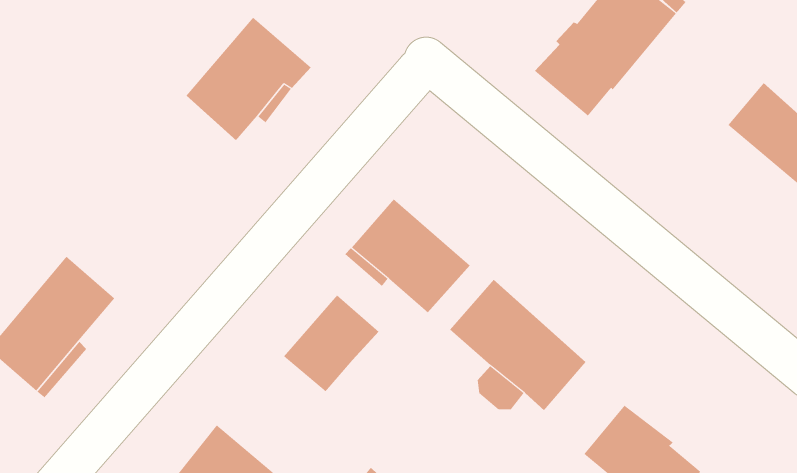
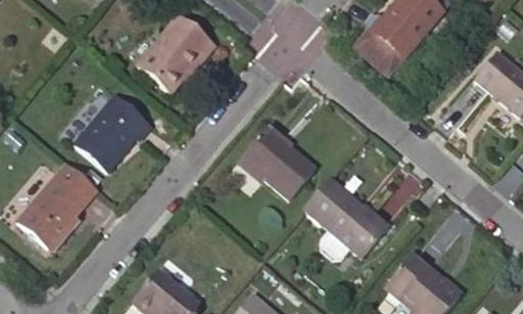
building: none -> [70,95,149,171]
building: [283,294,380,392] -> none

